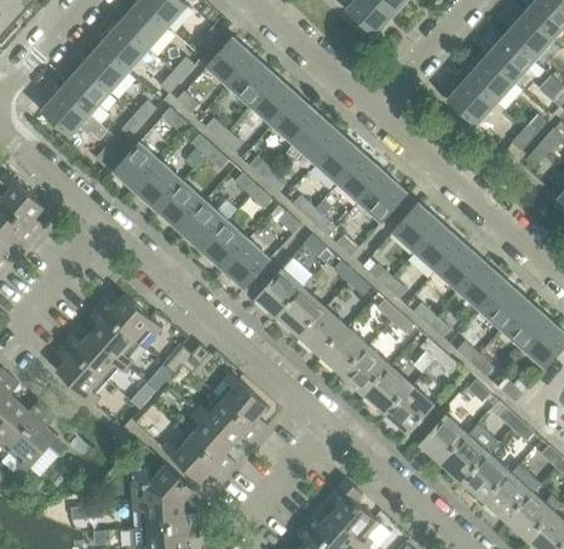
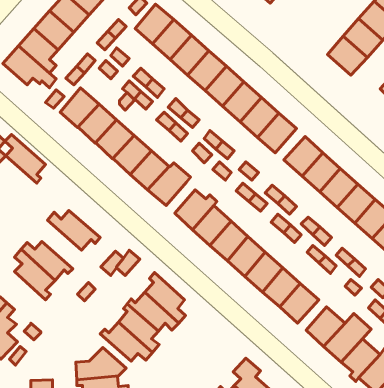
building: [88,305,139,366] -> [5,134,46,183]

